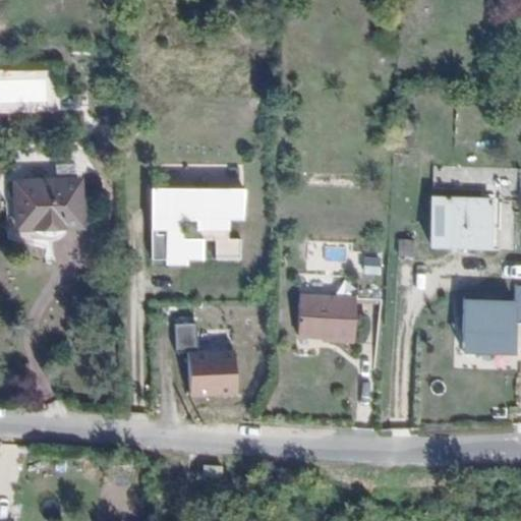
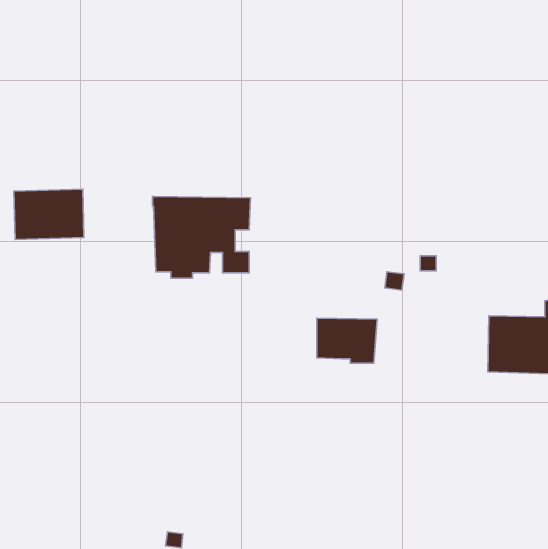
building: [428,189,501,251] -> none
building: [177,324,241,396] -> none

